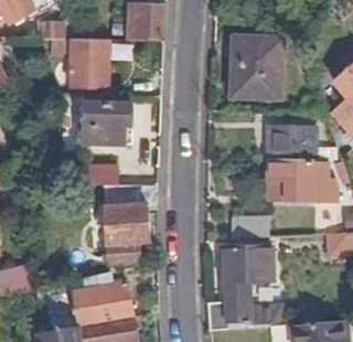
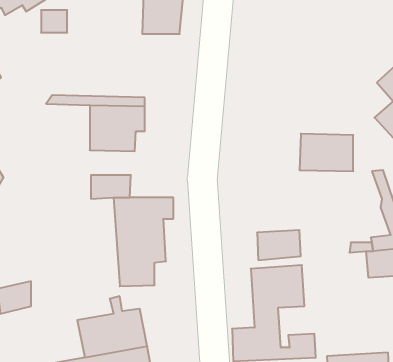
building: [232,38,280,97] -> none
building: [72,39,108,87] -> none
building: [267,160,334,202] -> none

